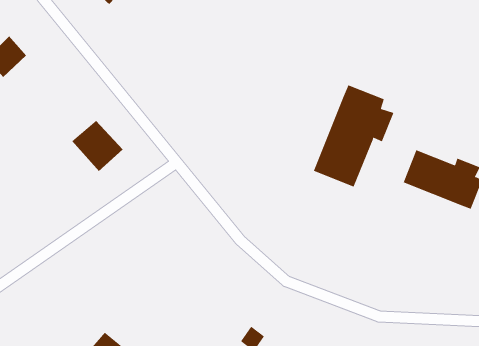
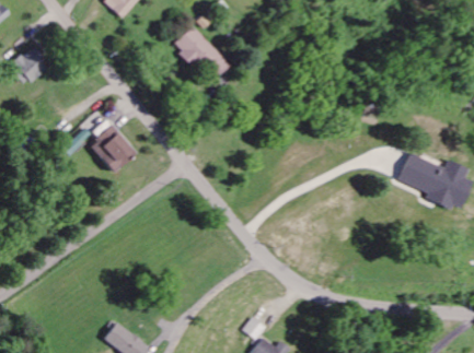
building: none -> [174,26,229,82]
building: [313,84,394,188] -> none

